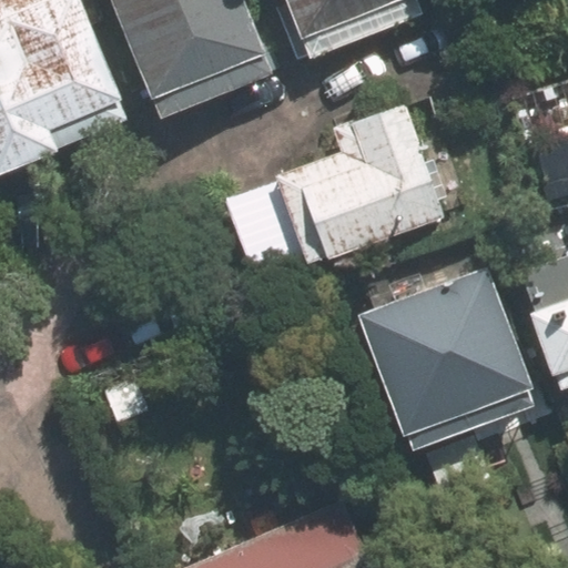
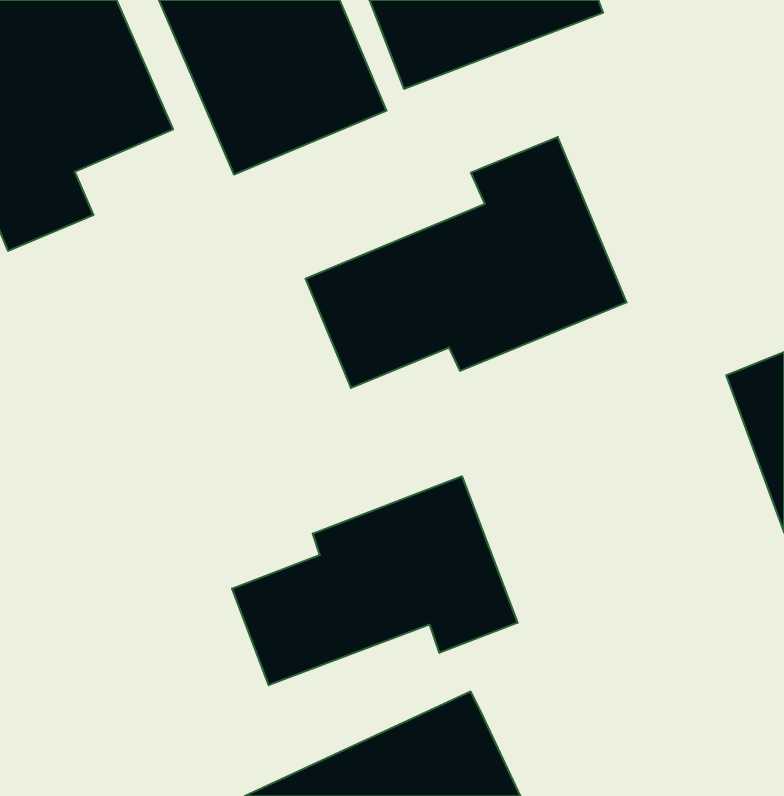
building: [361,263,539,455] -> none
building: none -> [232,476,518,685]

